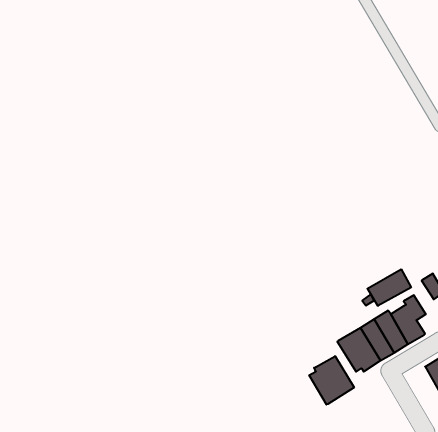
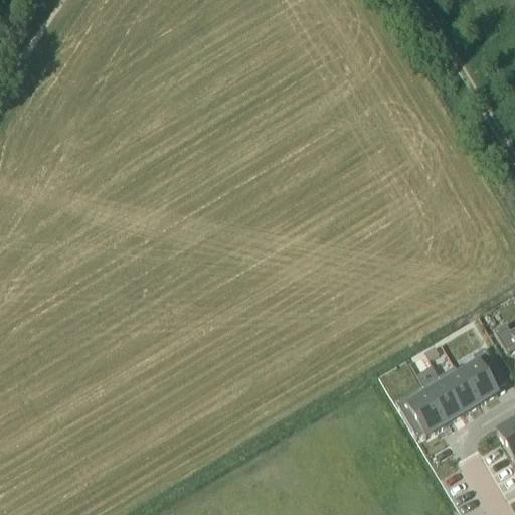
building: [367,269,411,306] -> none
building: [309,356,354,405] -> none

